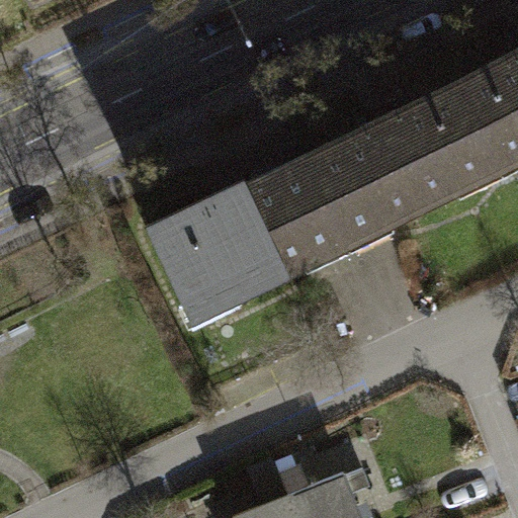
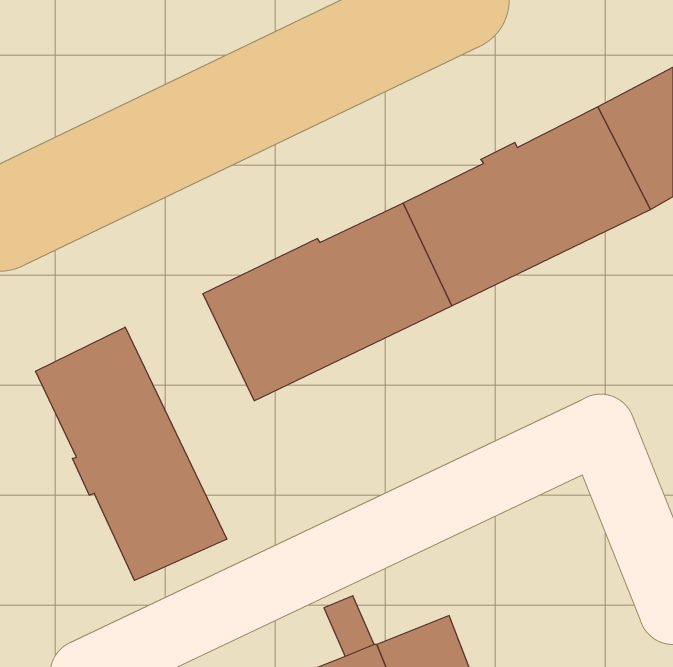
building: none -> [36,327,227,580]

